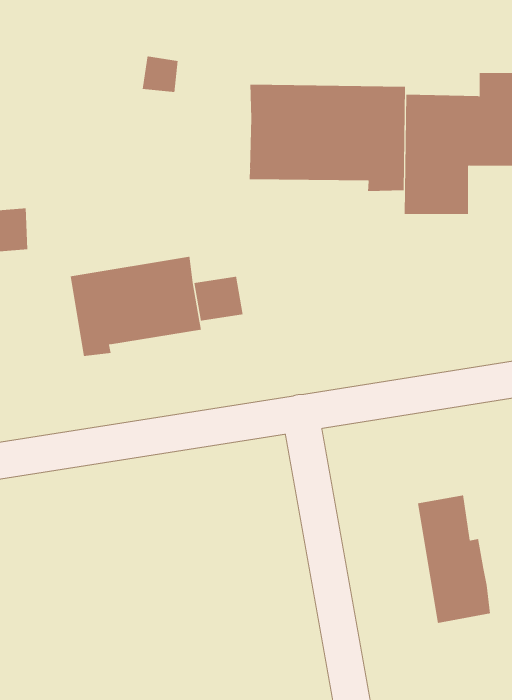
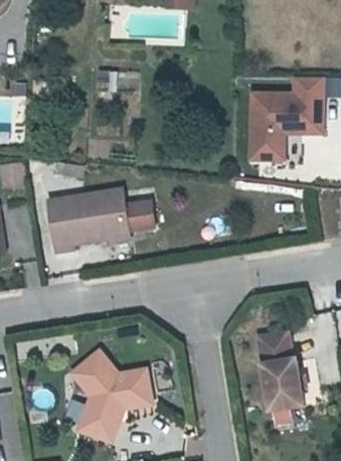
building: [249,84,406,192] -> none
building: none -> [72,351,151,440]

